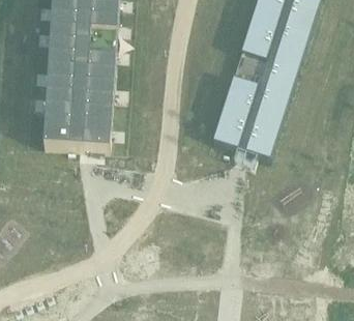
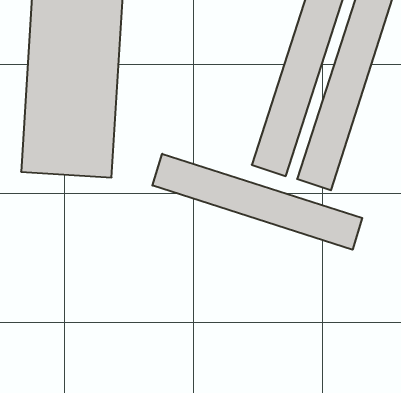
building: none -> [152,154,362,250]

